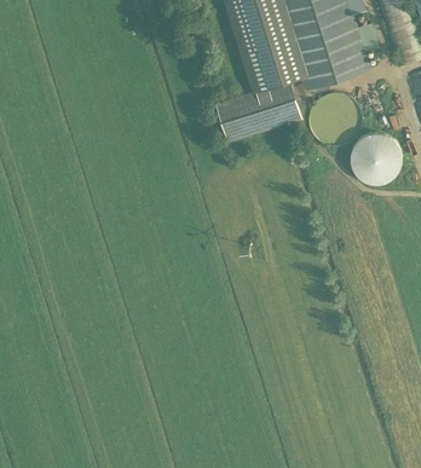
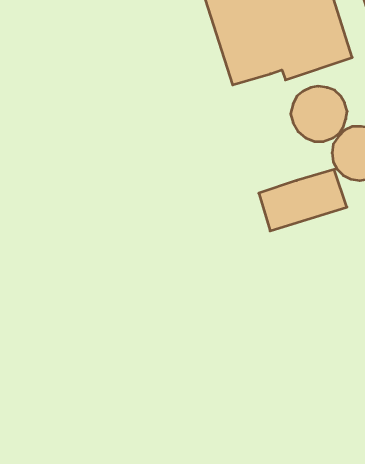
building: [217,82,301,141] -> [259,169,347,231]

